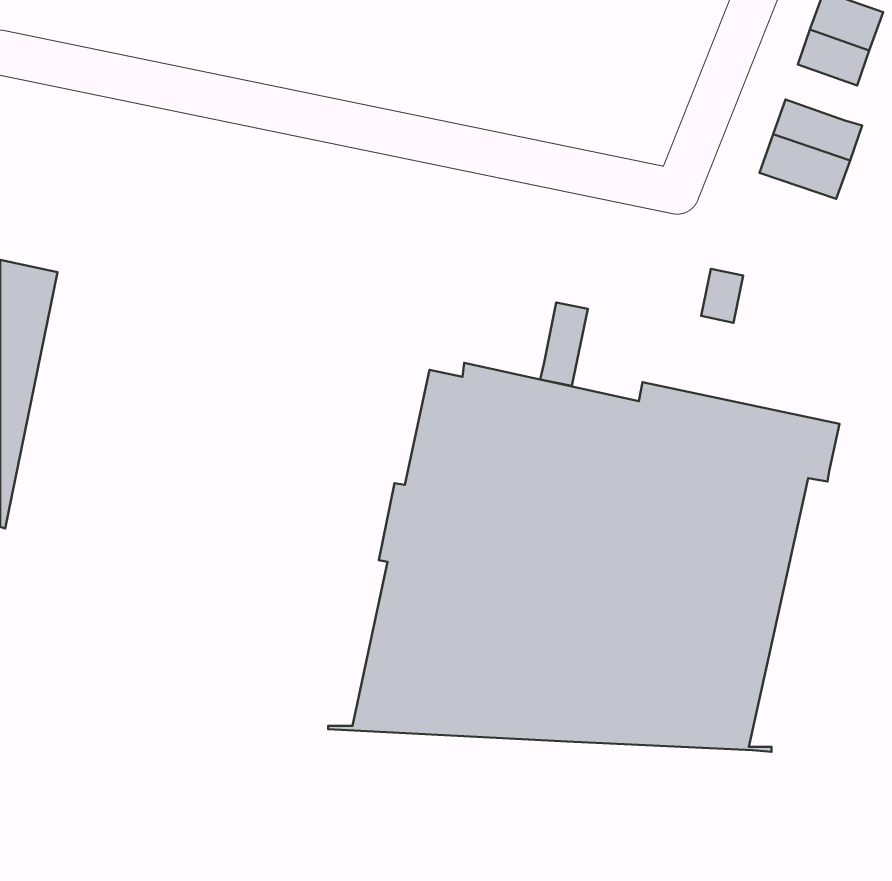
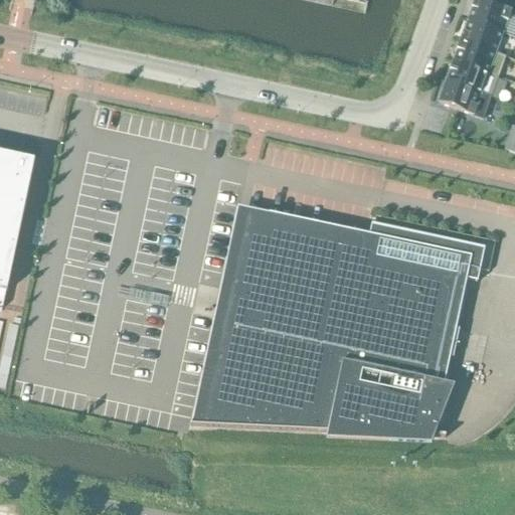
building: none -> [453,37,494,69]
building: [701,269,743,323] -> none
building: [540,302,588,386] -> none

